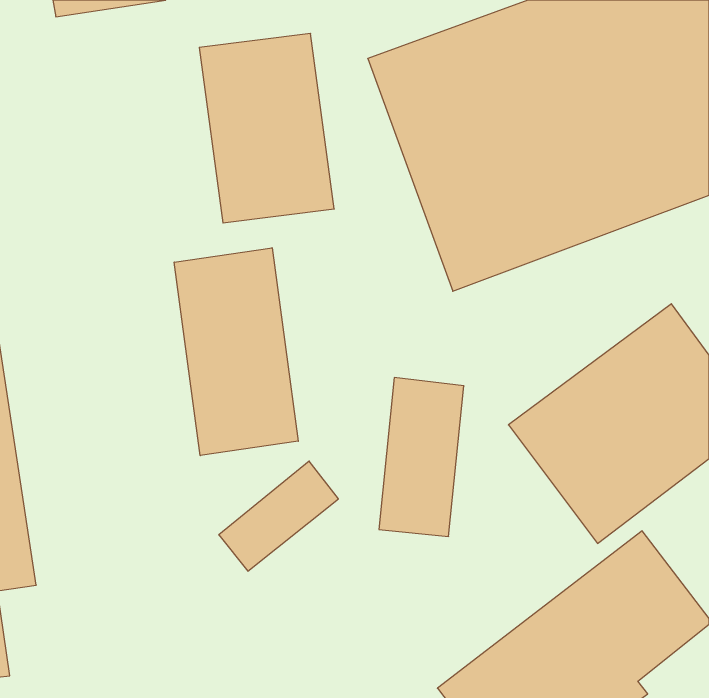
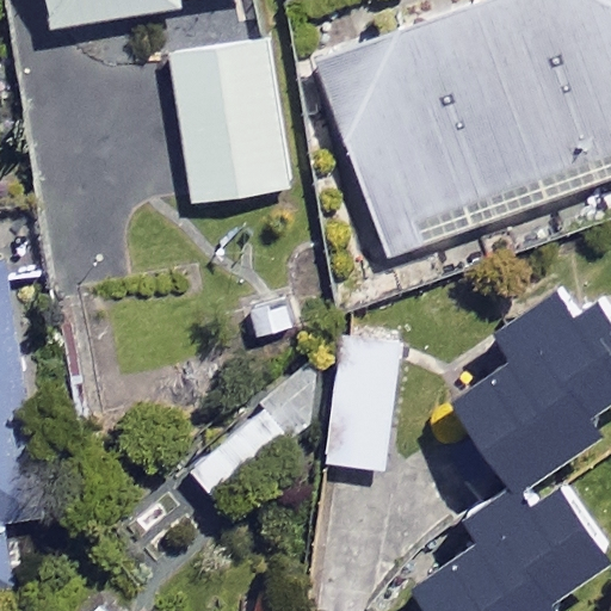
building: [174,248,298,456] -> none

